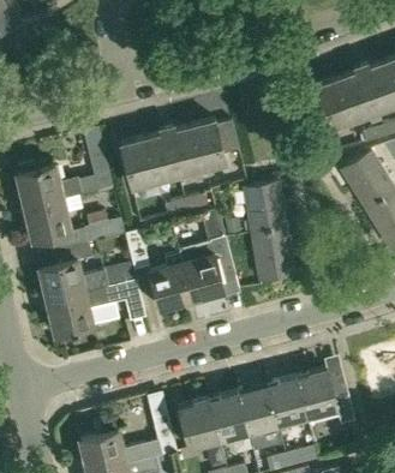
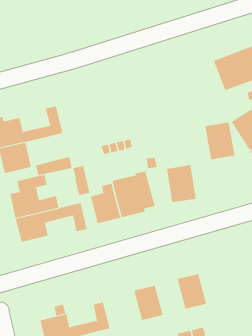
building: [120,121,238,188] -> none
building: [244,184,286,235] -> [204,122,235,160]
building: [297,357,354,425] -> none
building: [238,384,277,433] -> none
building: [178,400,219,449] -> none

